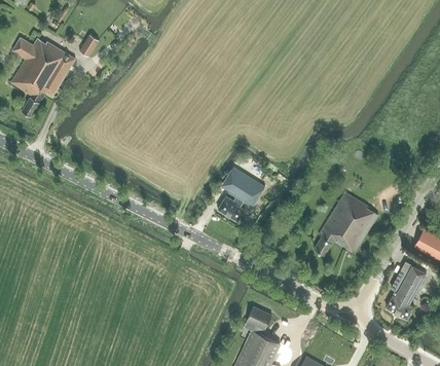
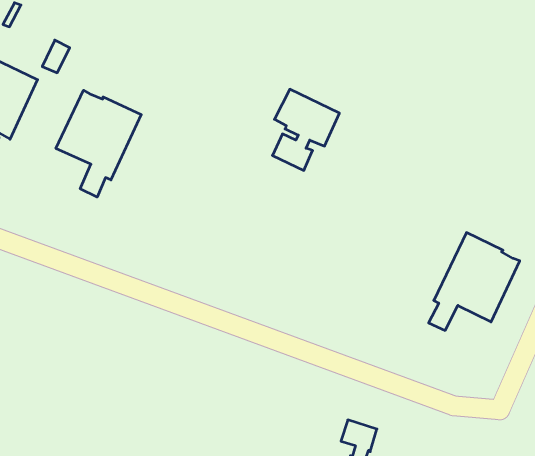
building: none -> [56,90,141,197]
building: [218,167,265,221] -> [272,89,339,170]

